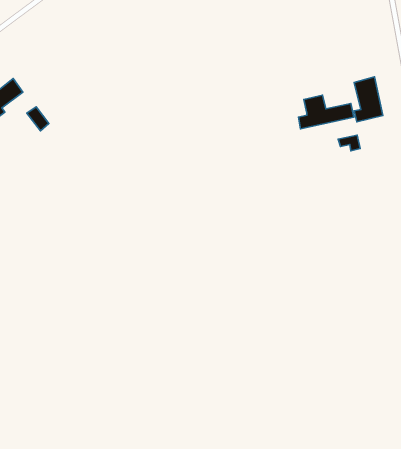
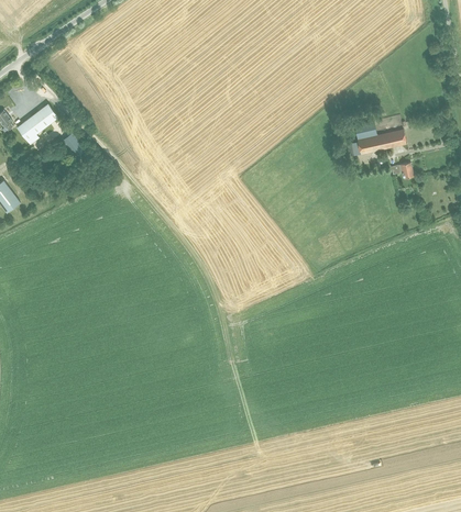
building: [354,77,383,122] -> none

